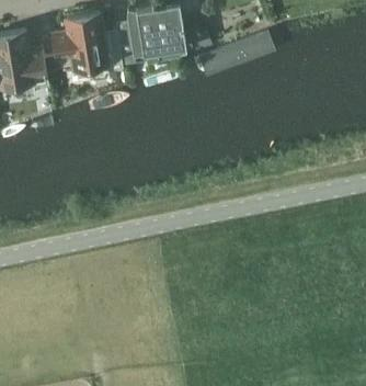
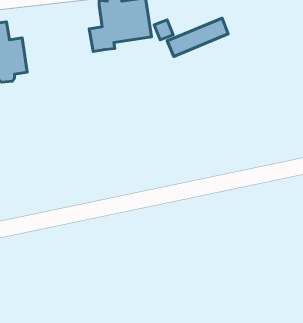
building: [52,14,122,81] -> none

